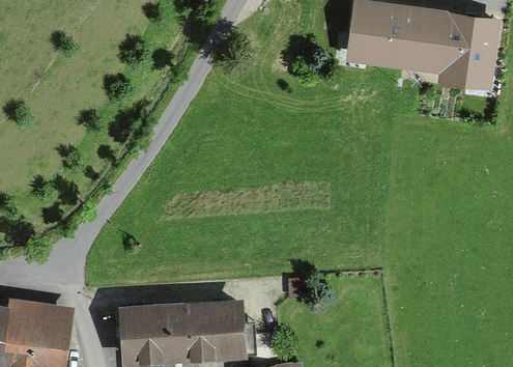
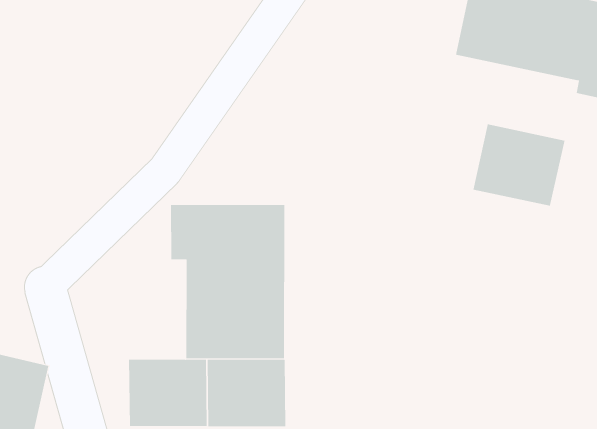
building: none -> [473,124,565,207]
building: none -> [171,204,285,359]

